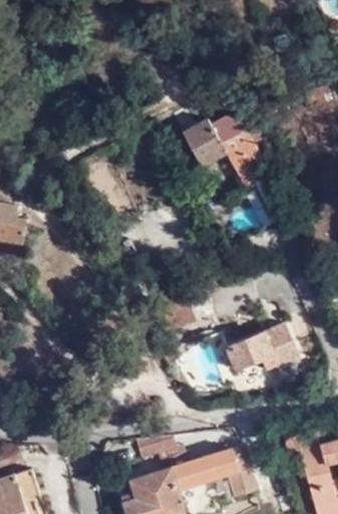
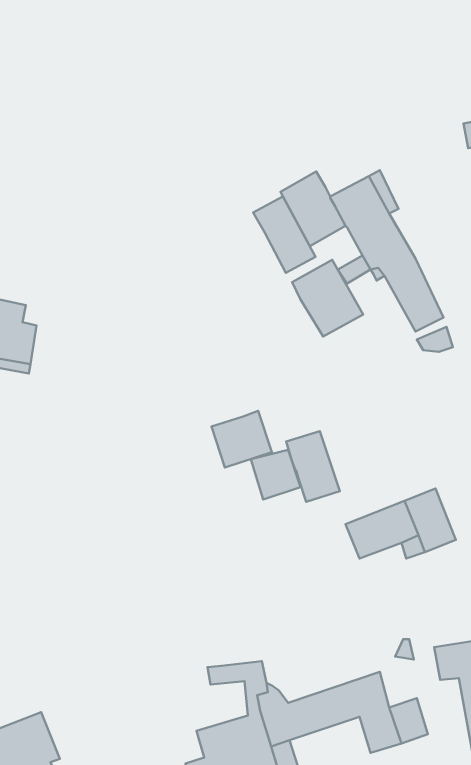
building: none -> [253,197,316,273]
building: none -> [292,260,363,337]
building: none -> [211,411,272,468]
building: none -> [286,431,340,502]

